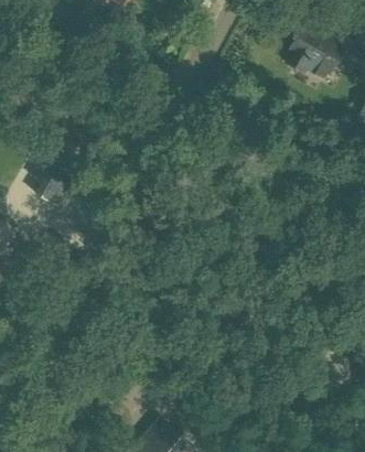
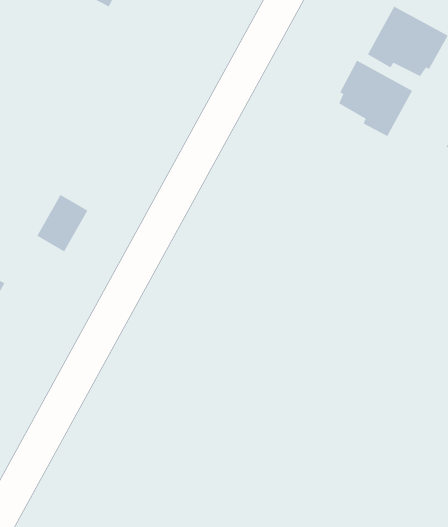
building: none -> [339,60,413,137]

